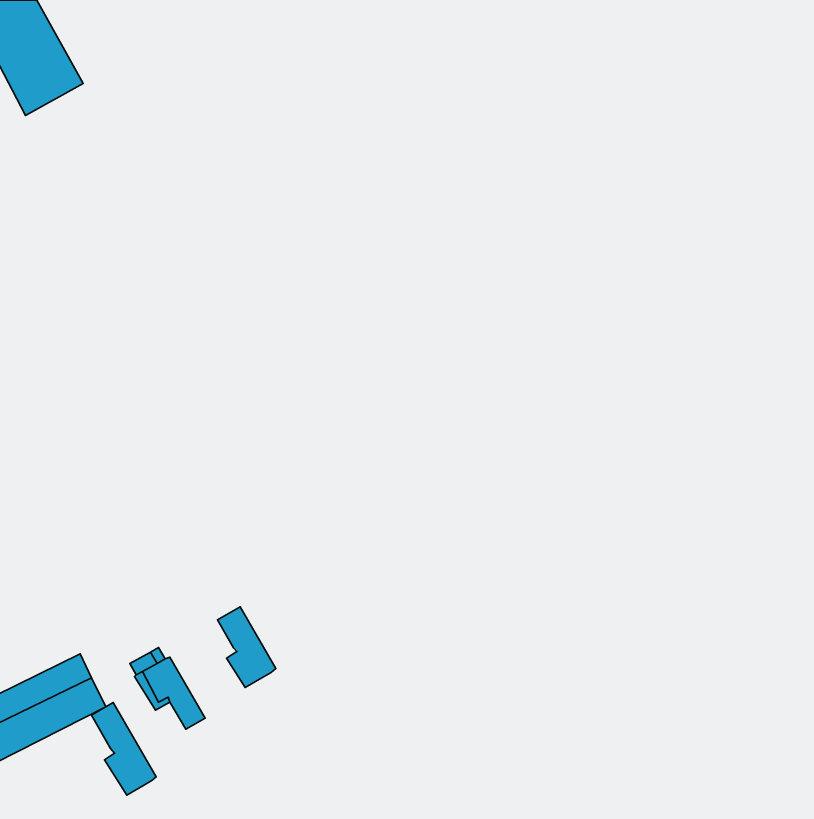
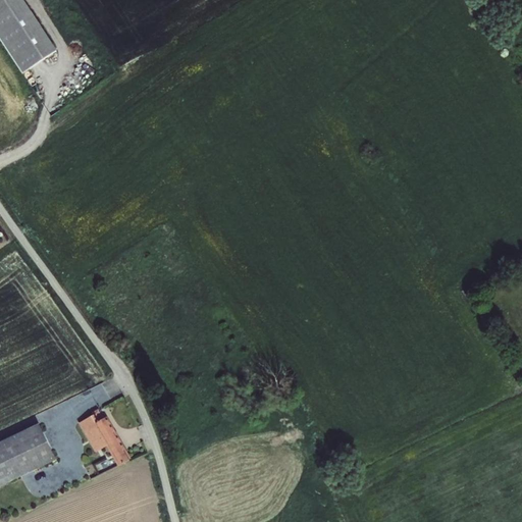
building: [218,607,276,688] -> none
building: [91,703,156,795] -> none

